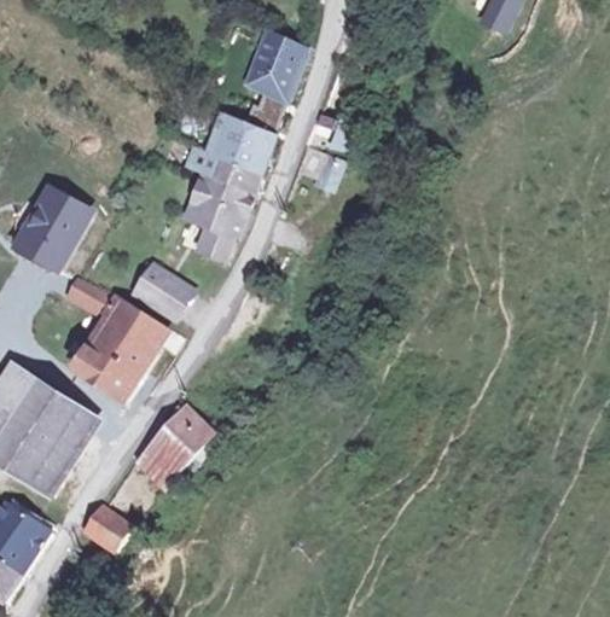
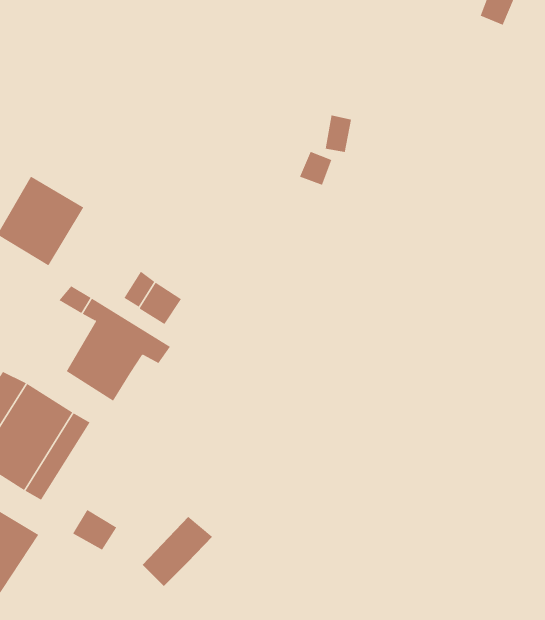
building: [248,36,304,103] -> none
building: [186,116,273,258] -> none
building: [140,411,210,481] -> [142,516,213,587]

